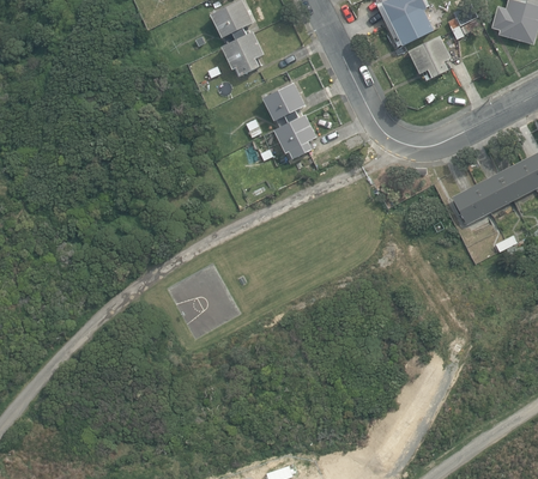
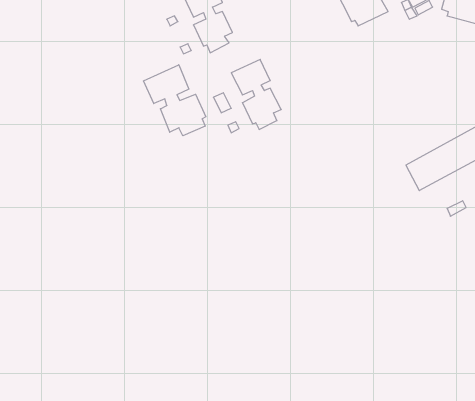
building: [405,36,449,79] -> none
building: none -> [144,65,206,136]

